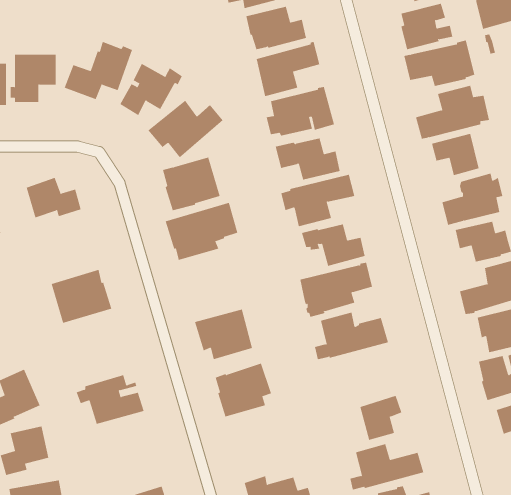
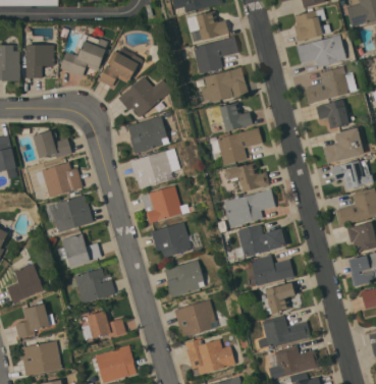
building: none -> [35,162,83,198]
building: none -> [141,185,189,223]
building: none -> [57,234,101,267]
building: none -> [243,255,293,287]
building: none -> [173,299,215,337]
building: none -> [86,311,125,338]

